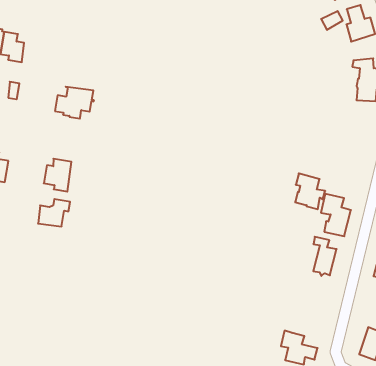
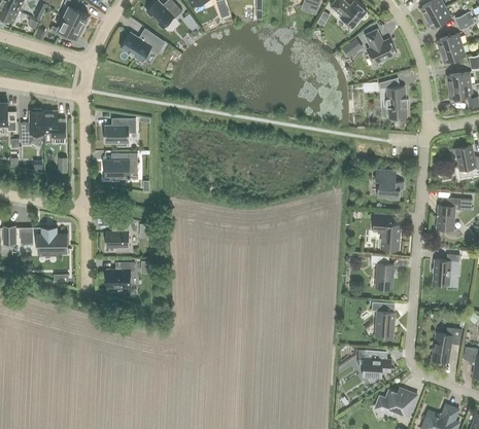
building: none -> [105,118,136,145]
building: [295,173,325,209] -> [375,169,404,200]
building: none -> [372,301,396,336]

